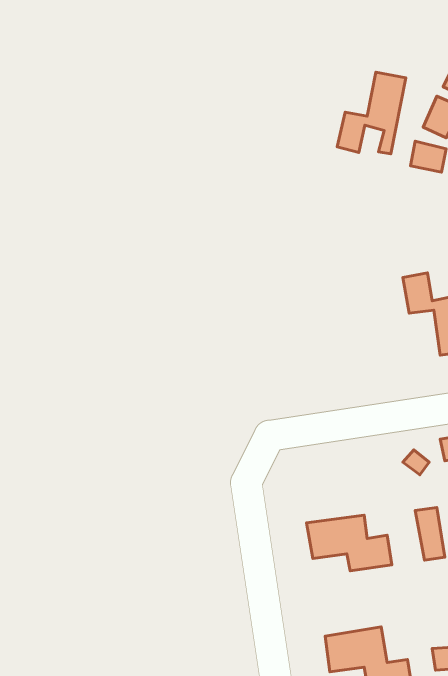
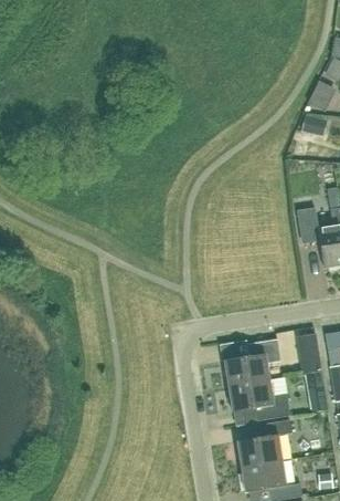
building: [337,72,406,154] -> none
building: none -> [223,340,279,386]
building: none -> [236,420,291,467]

